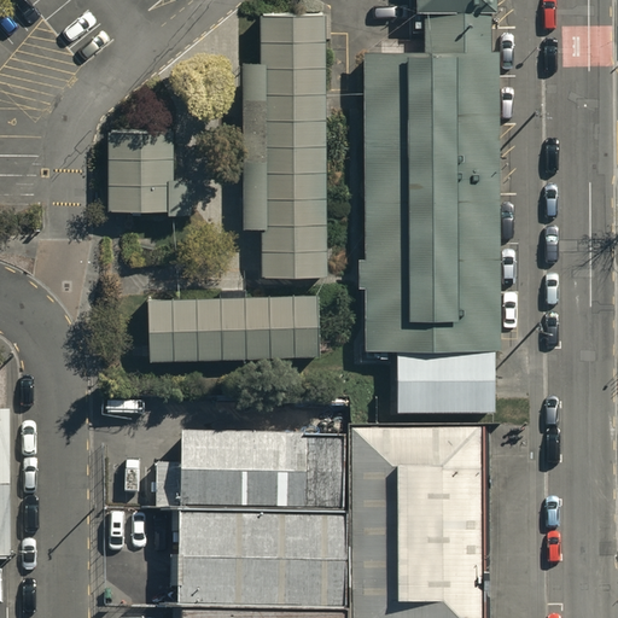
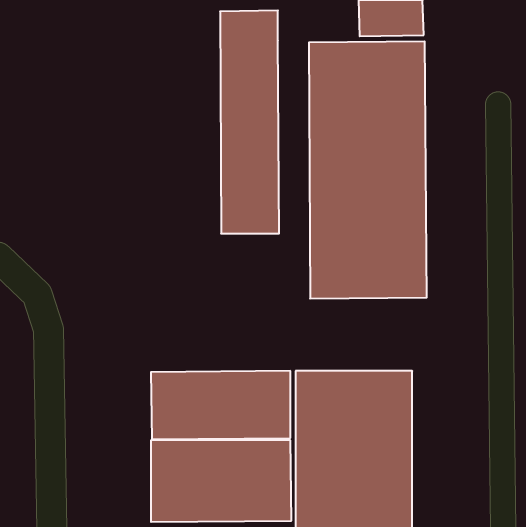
building: [107,130,191,215] -> none
building: [150,296,319,360] -> none
building: [396,356,494,413] -> none

